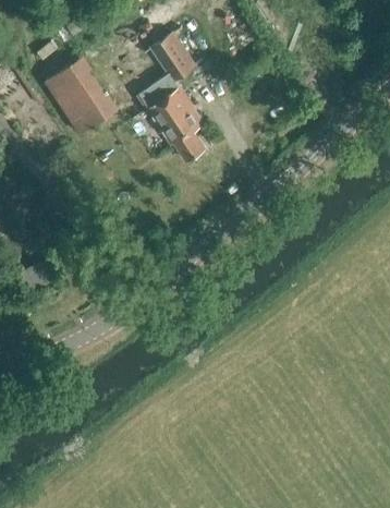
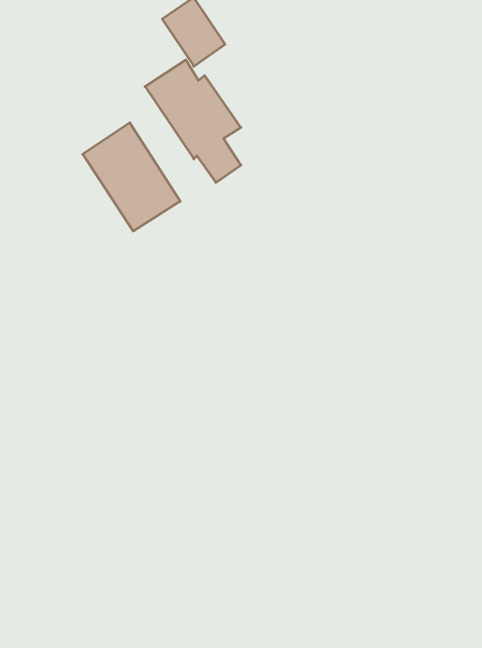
building: [46,59,113,134] -> [83,123,180,231]

